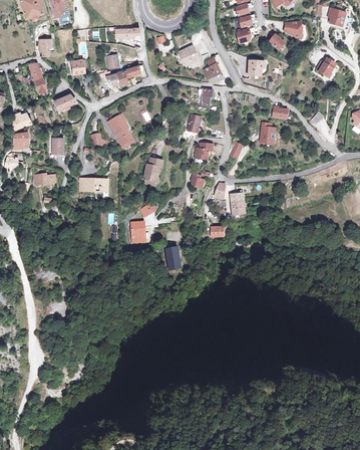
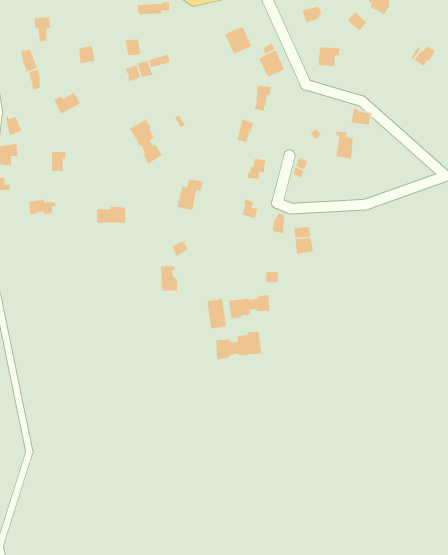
building: none -> [228,294,270,319]
building: none -> [215,331,262,360]

